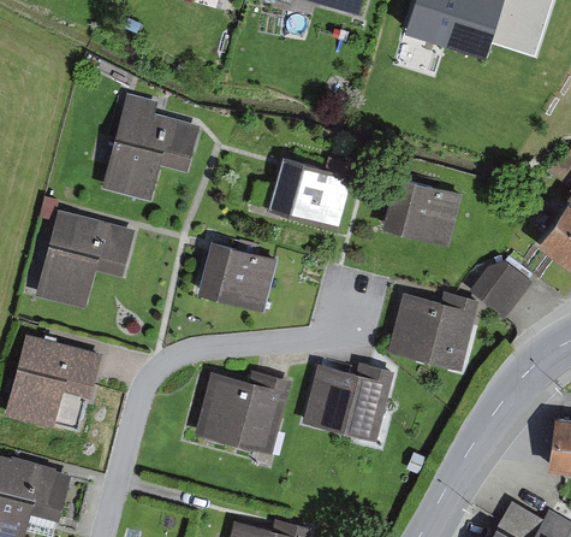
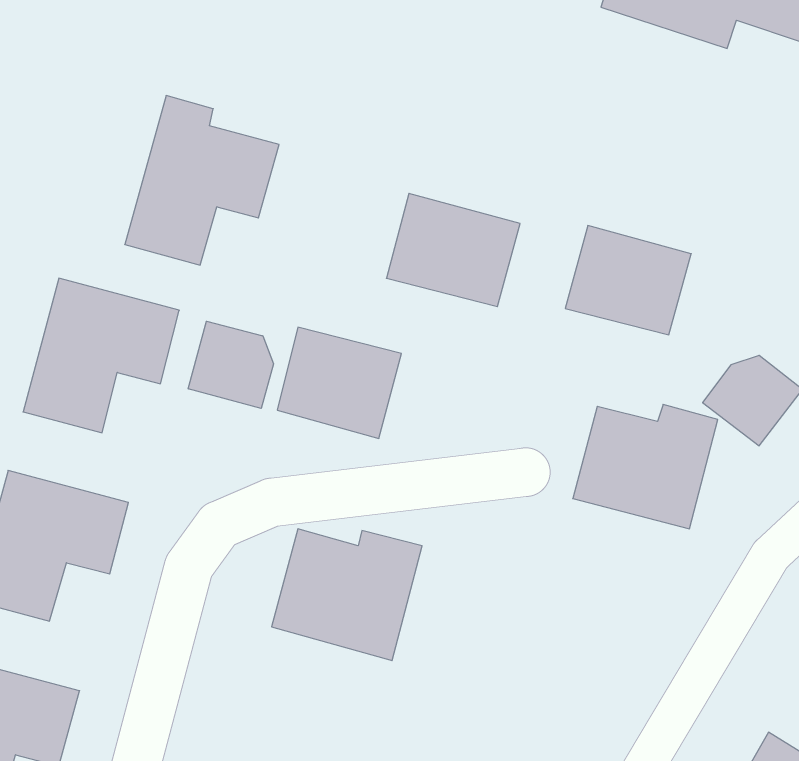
building: none -> [188,321,274,408]
building: [302,362,394,442] -> none

